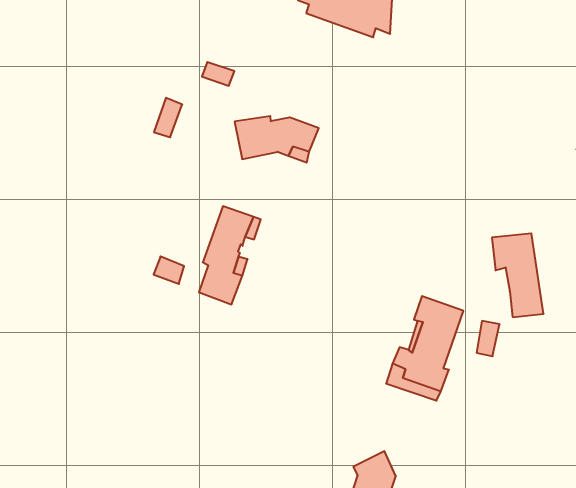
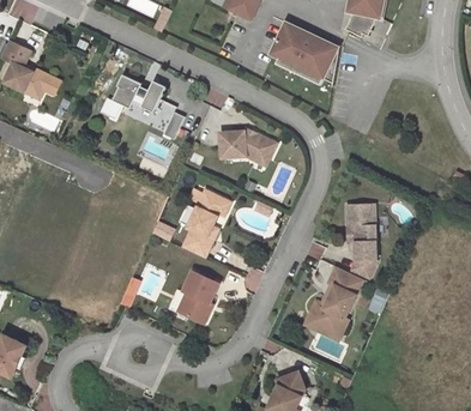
building: none -> [113,73,165,111]
building: [492,233,544,317] -> [346,204,376,260]
building: none -> [177,270,218,322]

